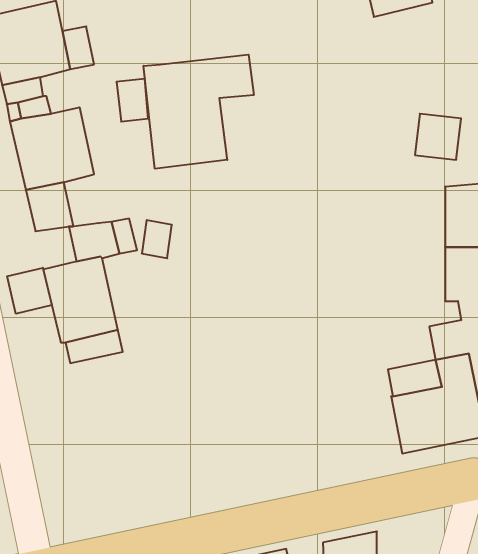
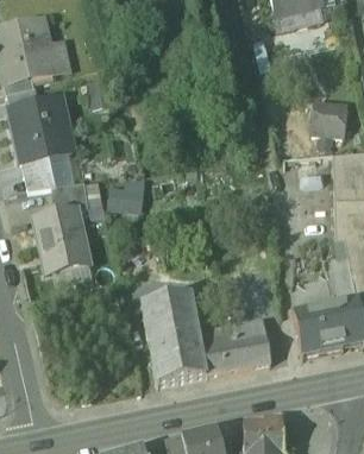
building: [144,55,254,169] -> none
building: none -> [49,147,75,185]
building: [7,268,52,314] -> none
building: none -> [142,292,270,384]

